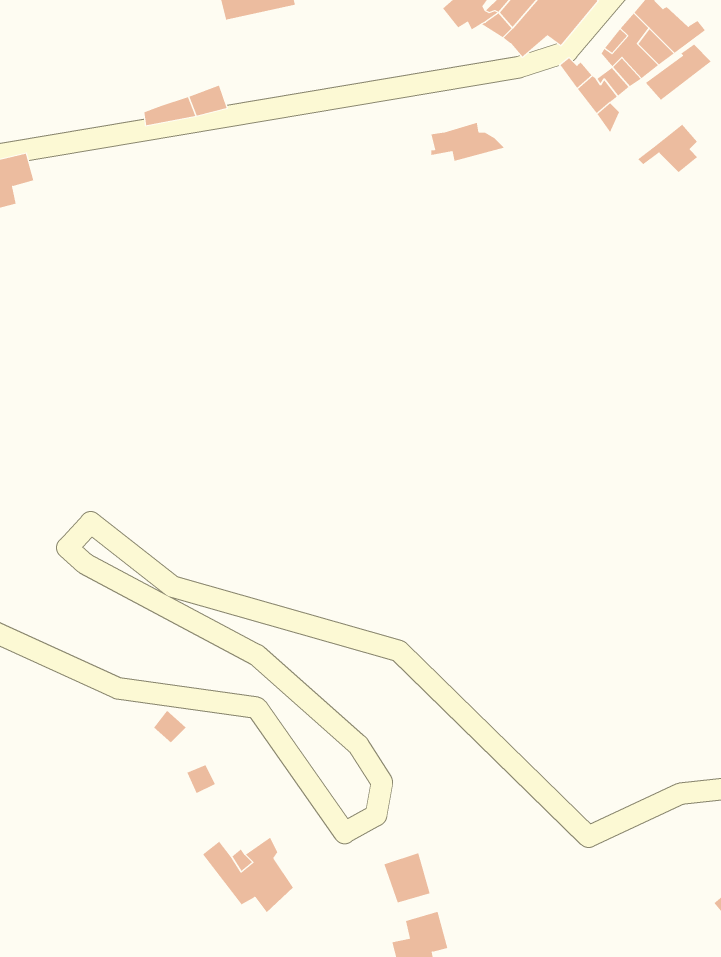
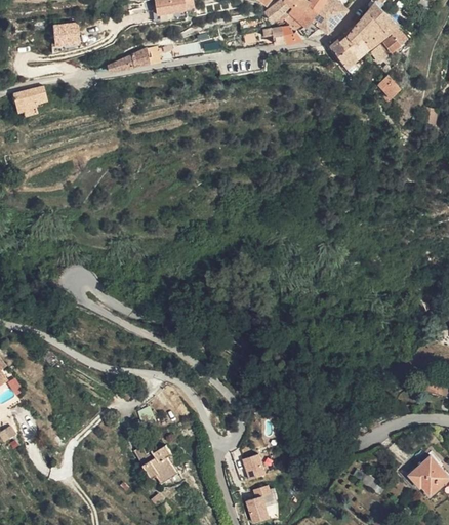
building: none -> [46,22,75,48]
building: [431,122,505,161] -> [262,23,301,43]

